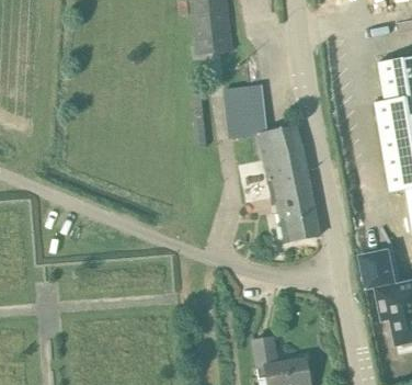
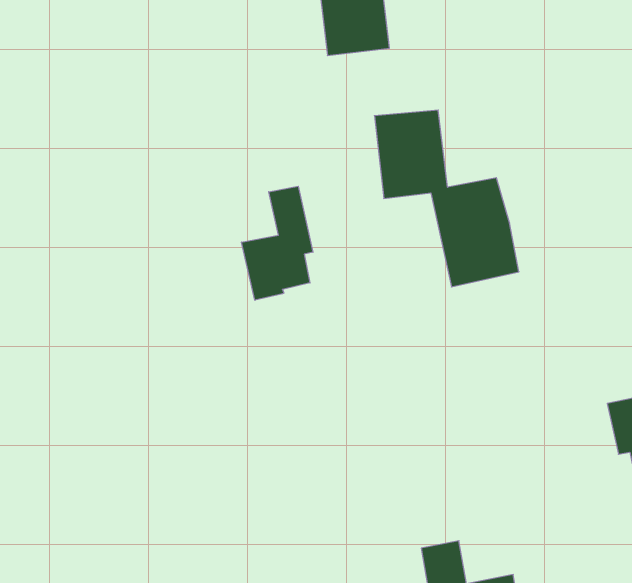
building: none -> [242,186,313,300]
building: [268,181,320,242] -> none

